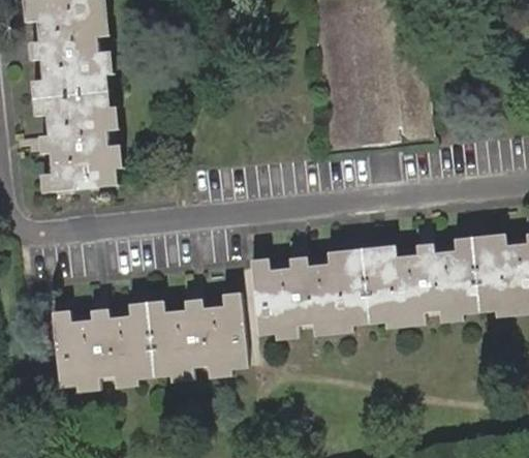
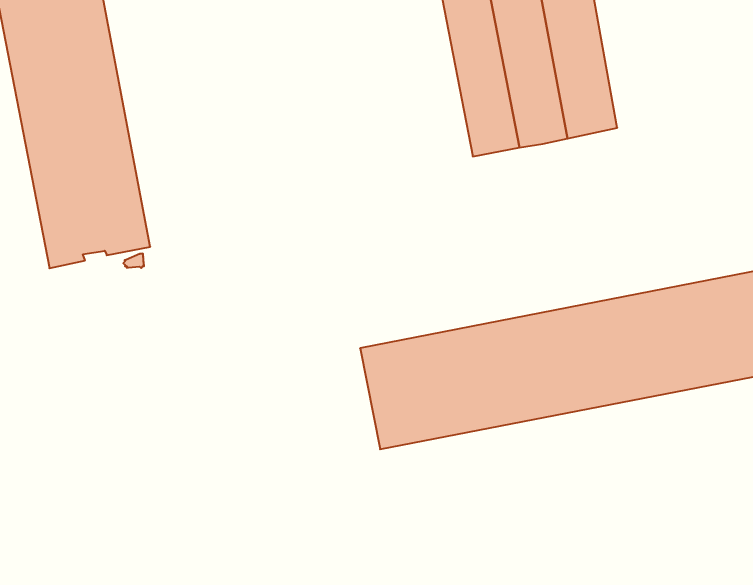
building: [52,302,253,387] -> none

